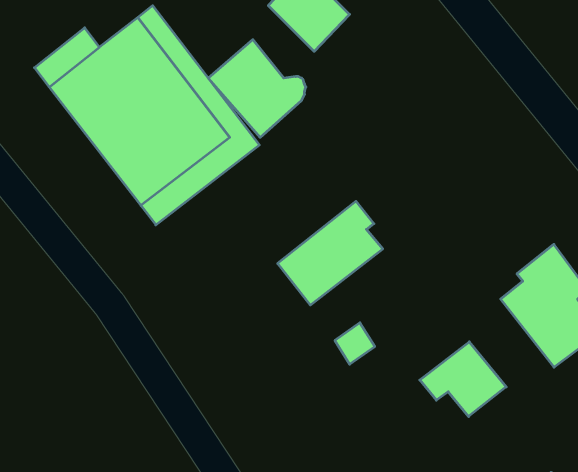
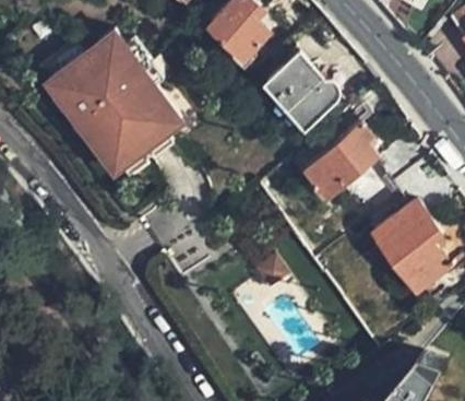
building: [208,40,306,137] -> [263,56,335,128]
building: [278,201,383,305] -> [299,123,377,200]
building: [420,342,506,417] -> none

